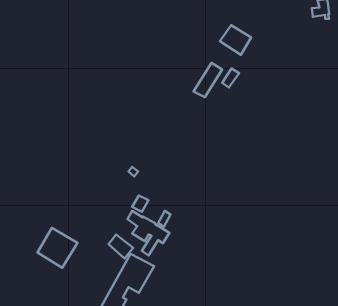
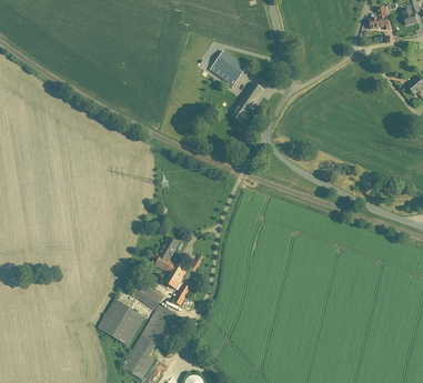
building: [220,25,251,55] -> [209,51,245,85]
building: [37,228,78,268] -> [97,299,143,345]

